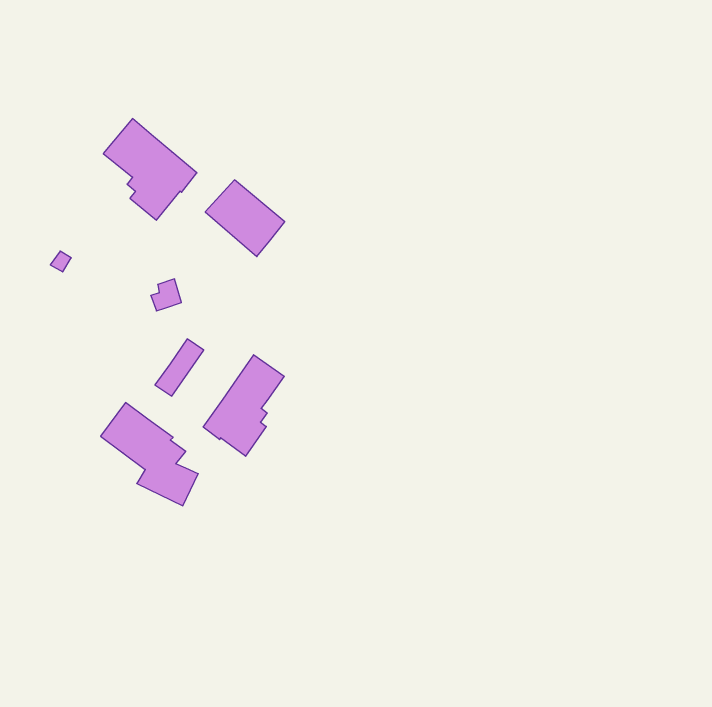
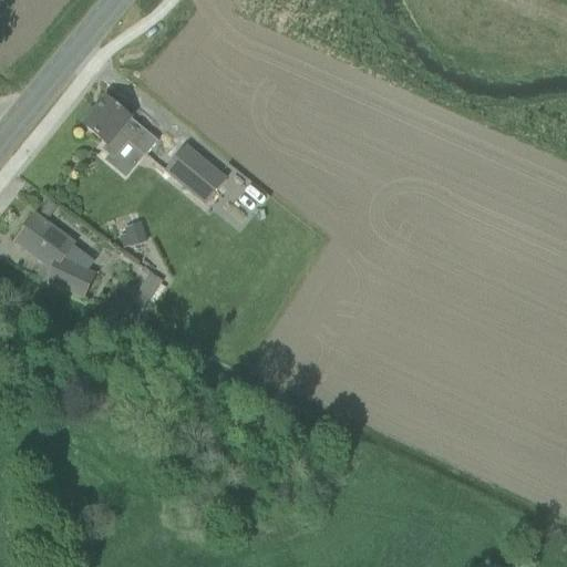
building: [203,355,284,456] -> none
building: [101,403,198,506] -> [16,213,93,295]

